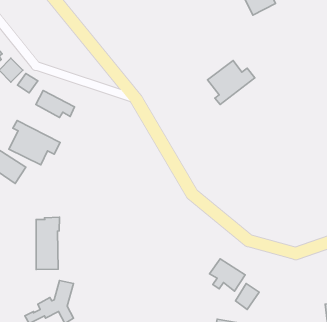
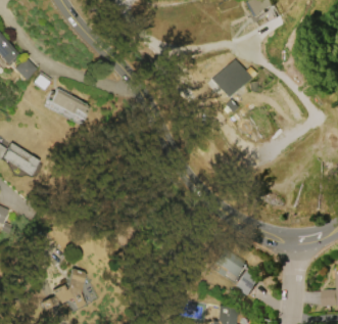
building: [9,120,60,165] -> none
building: [36,217,59,269] -> none

